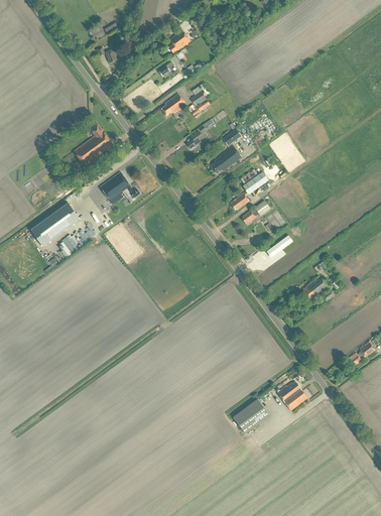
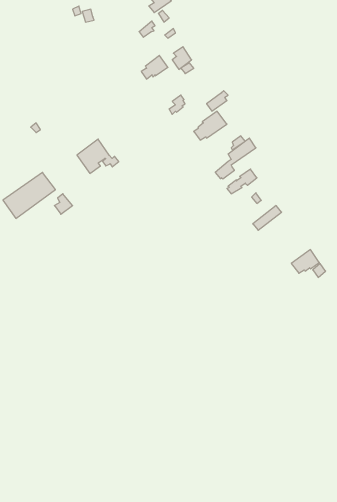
building: [74,123,113,164] -> none
building: [277,380,307,410] -> none
building: [233,398,270,433] -> none

